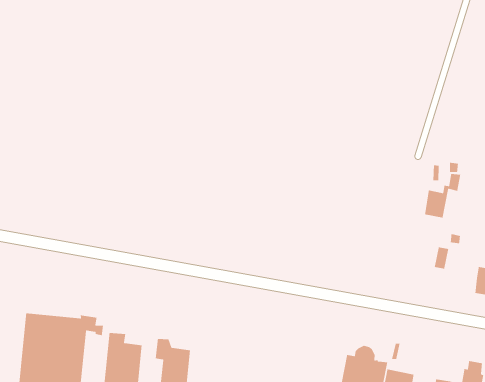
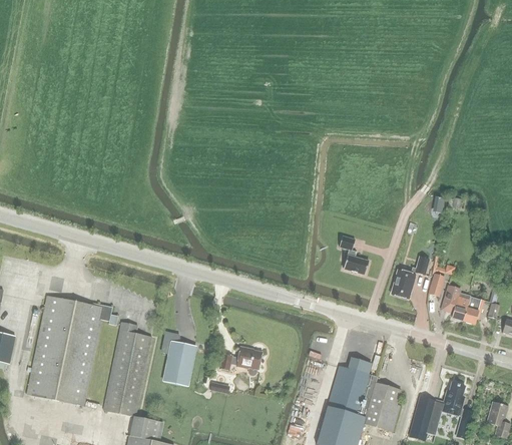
building: [424,173,461,218] -> [391,257,429,298]
building: none -> [339,235,368,274]
building: none -> [441,286,469,321]
building: none -> [219,346,262,375]

